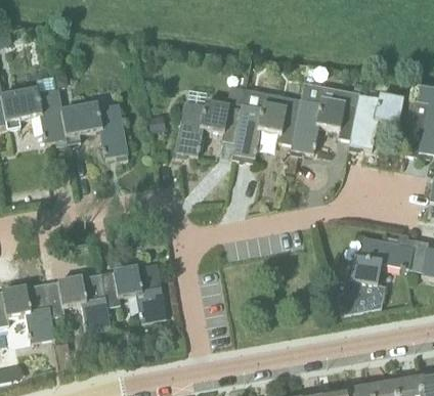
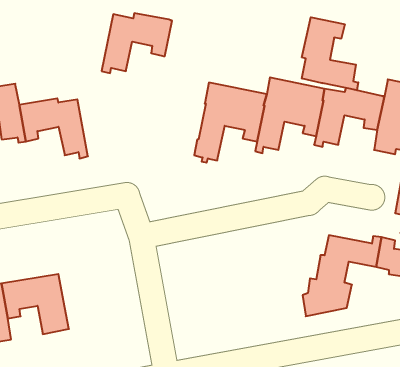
building: none -> [302,17,358,90]
building: [174,100,243,159] -> [102,13,172,73]
building: [99,263,165,321] -> none

